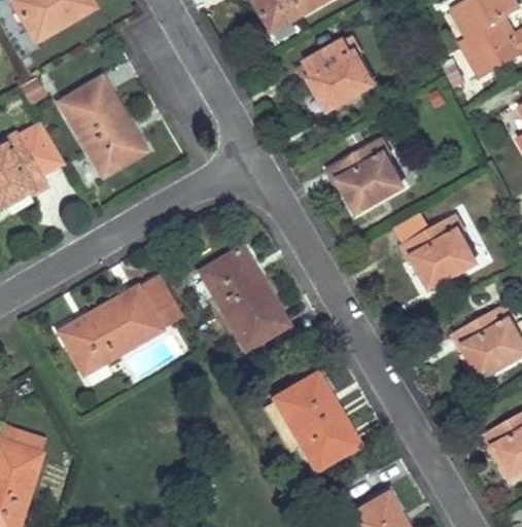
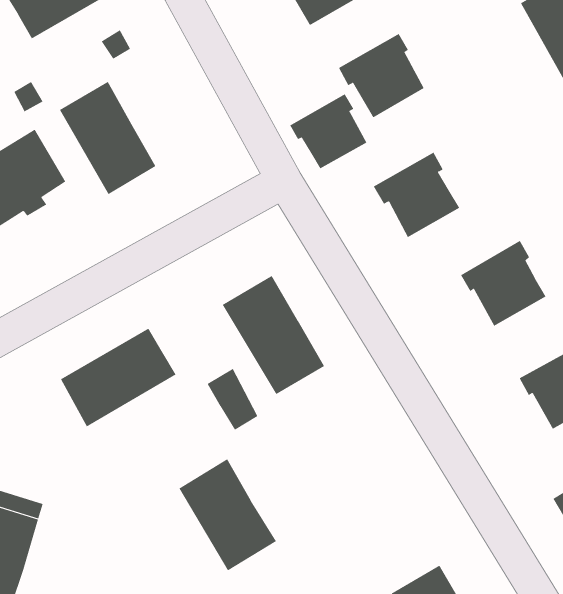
building: none -> [289,94,367,169]
building: [136,276,180,329] -> [207,368,258,431]
building: [274,371,358,467] -> [178,459,277,571]

